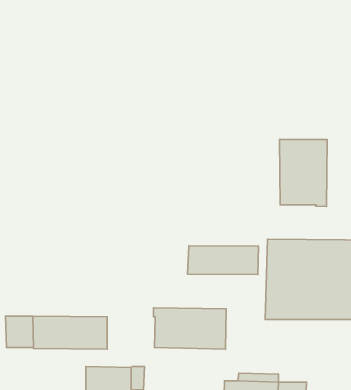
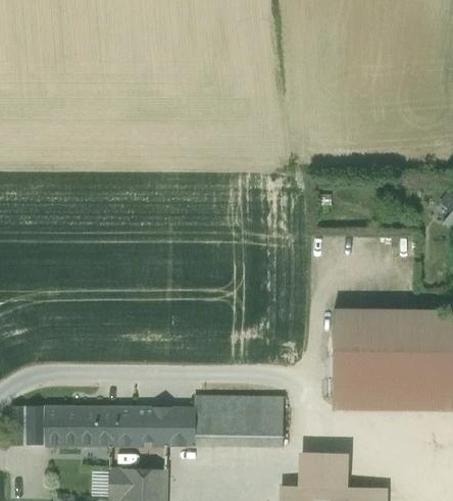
building: [280,140,327,206] -> none
building: [187,246,258,275] -> none
building: none -> [137,406,196,446]
building: none -> [299,454,349,477]

